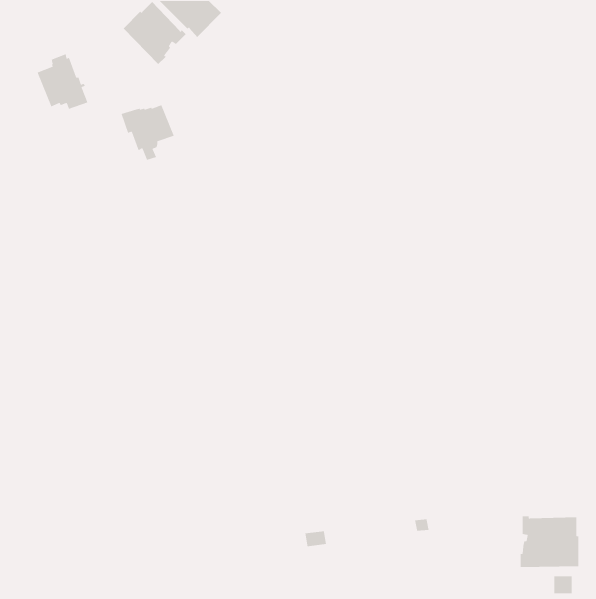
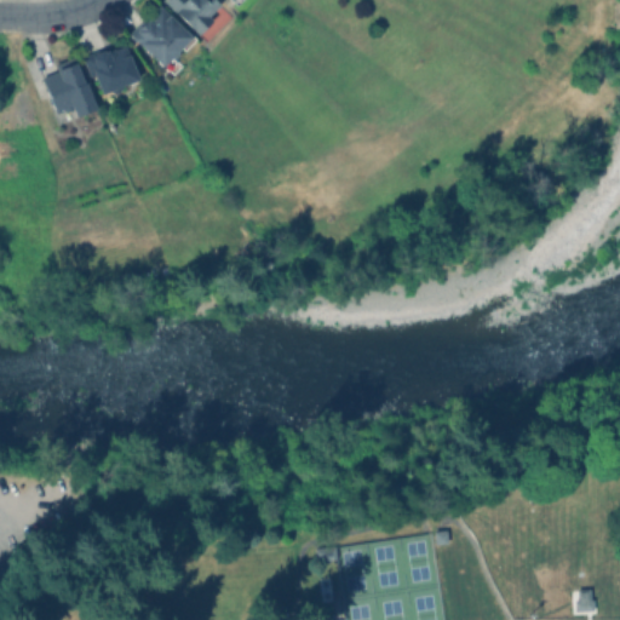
building: [120,104,175,161] -> [86,47,142,105]
building: [520,516,579,568] -> none

